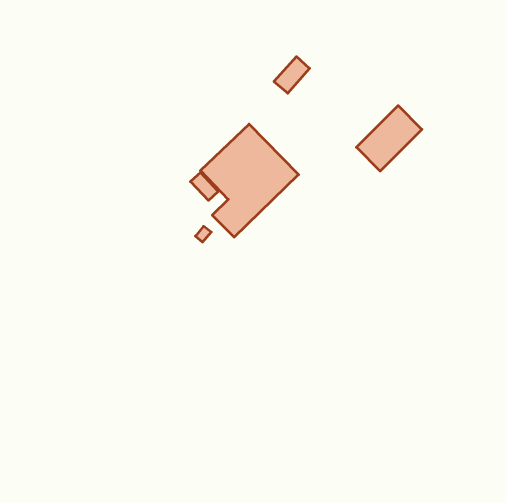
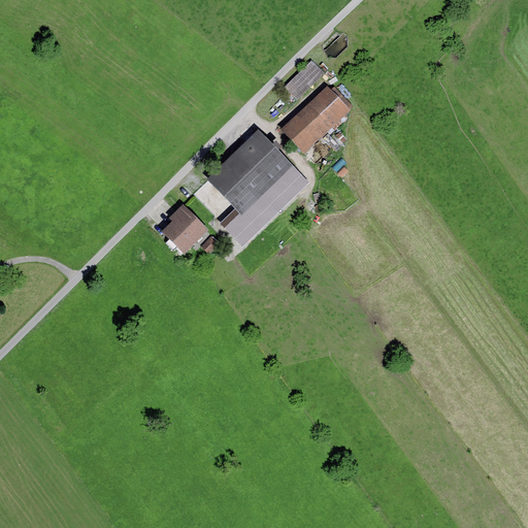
building: [356,106,422,171] -> [278,85,346,153]
building: none -> [161,203,204,251]

